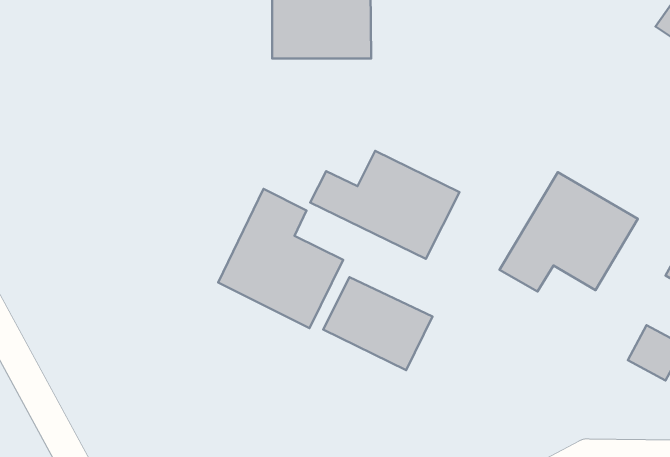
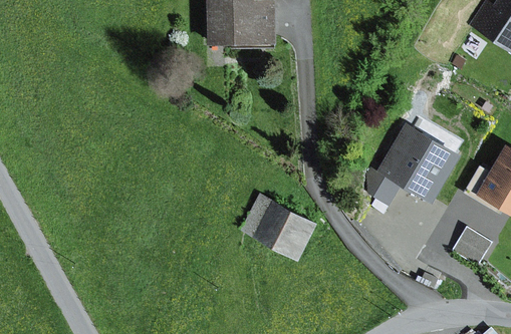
building: [310,151,459,259] -> none
building: [218,189,343,328] -> none

